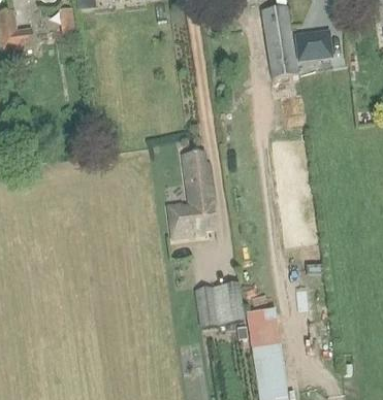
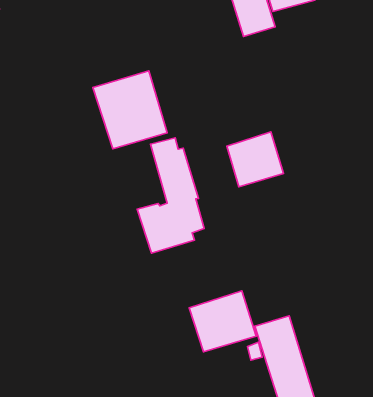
building: none -> [93,71,167,149]
building: none -> [227,132,283,187]

